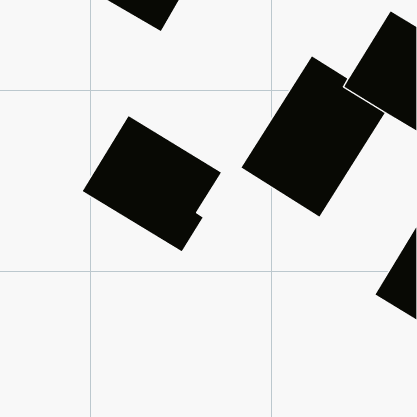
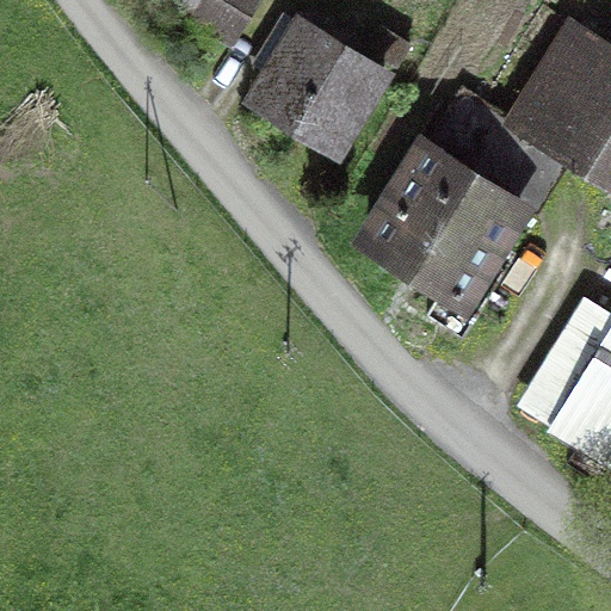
building: none -> [242,13,394,161]
building: [82,115,222,252] -> none

